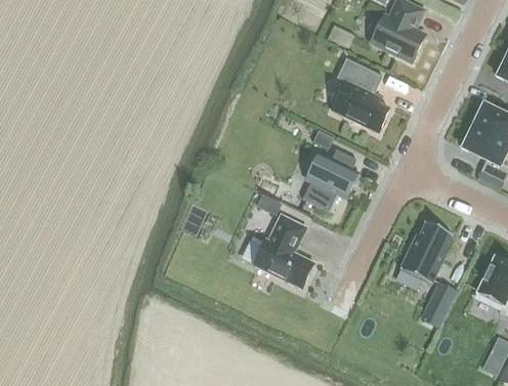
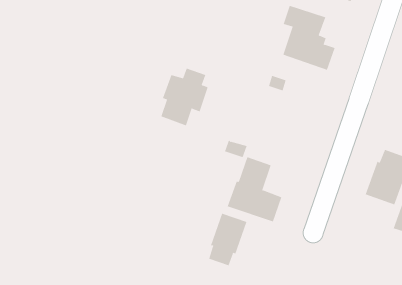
building: [302,147,357,210] -> [160,68,209,126]
building: none -> [208,213,247,266]

